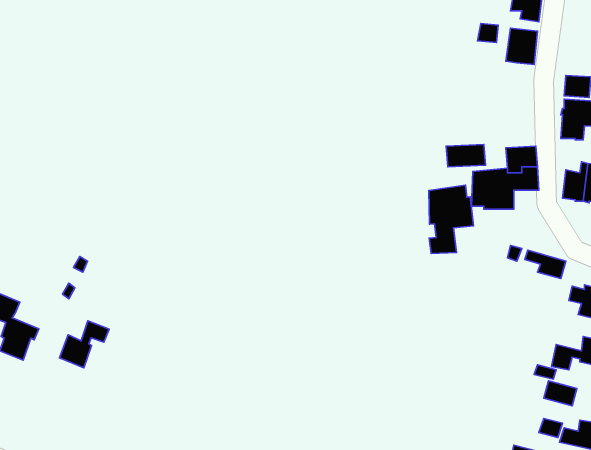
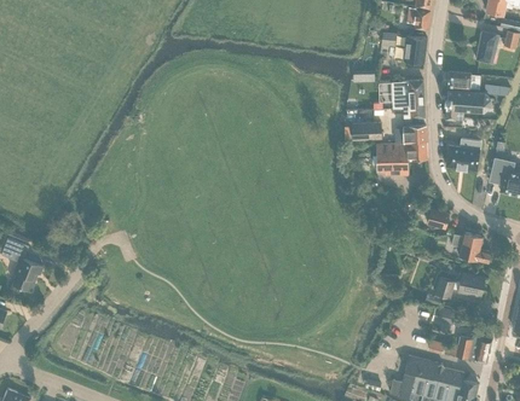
building: none -> [389,80,424,118]
building: [429,185,474,253] -> none
building: [60,321,109,368] -> none

